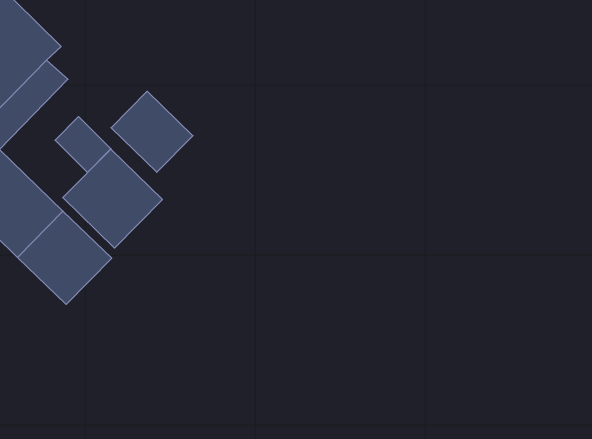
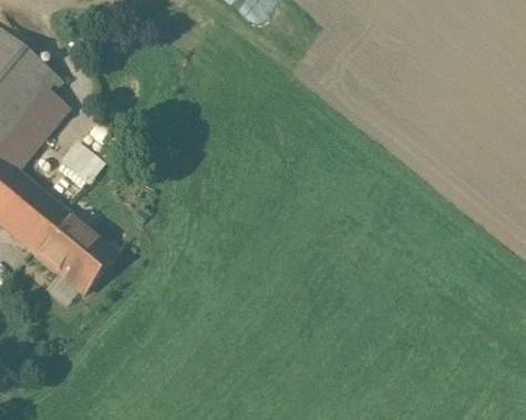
building: [111,91,193,172] -> none
building: [63,149,162,248] -> none

